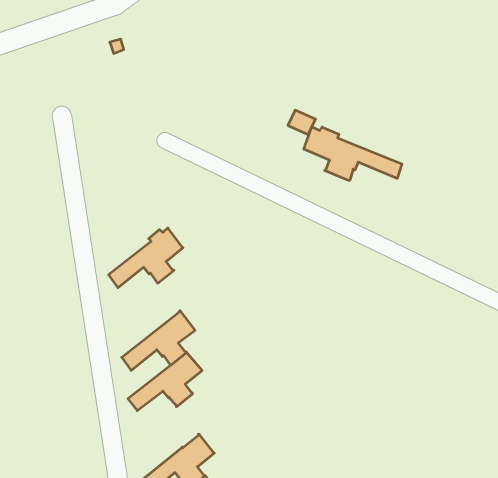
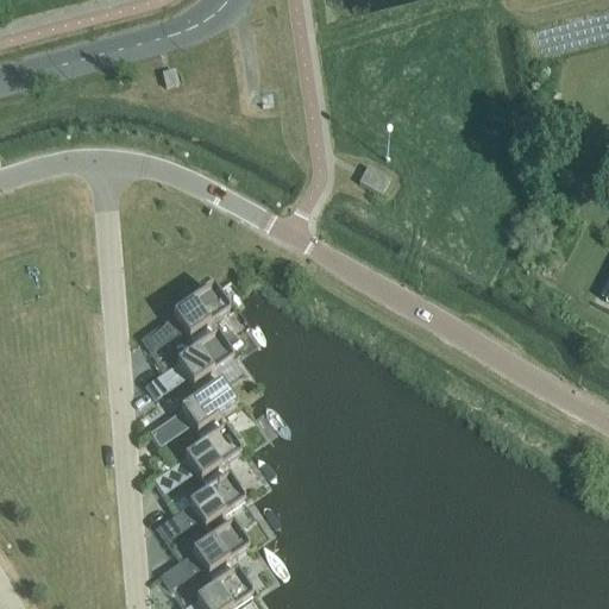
building: [304,127,402,180] -> none
building: none -> [144,335,231,400]
building: none -> [156,478,243,541]

